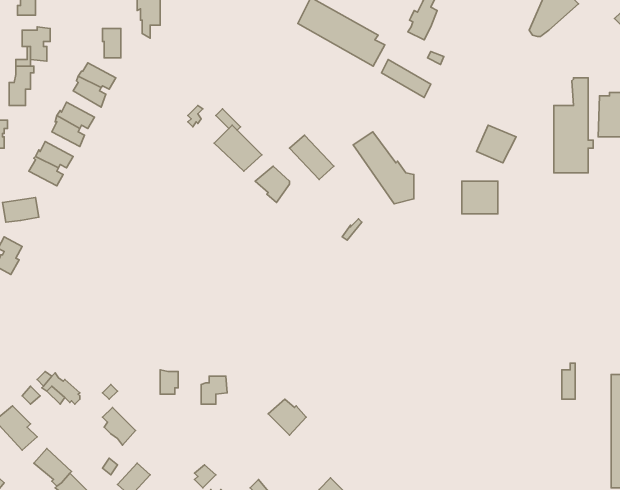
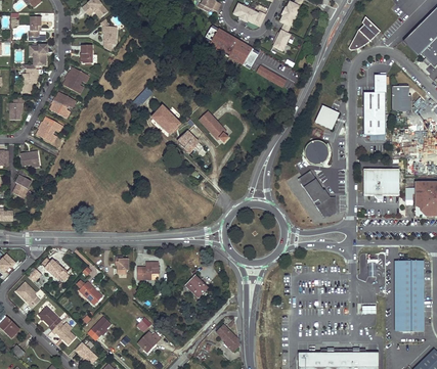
building: [353,132,414,204] -> [297,171,335,216]
building: none -> [362,168,398,195]

